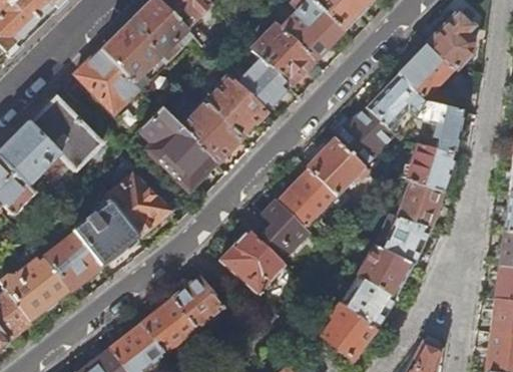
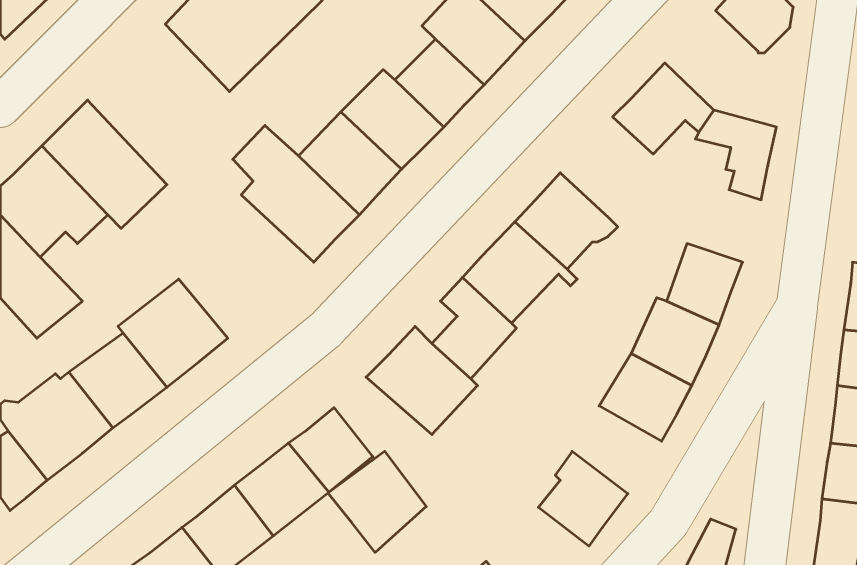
building: [397,41,458,108] -> none
building: [74,49,138,113] -> none
building: [335,104,394,164] -> none
building: [406,142,454,191] -> none
building: [104,174,167,236] -> none
building: [342,276,395,328] -> none
building: none -> [328,451,426,552]

